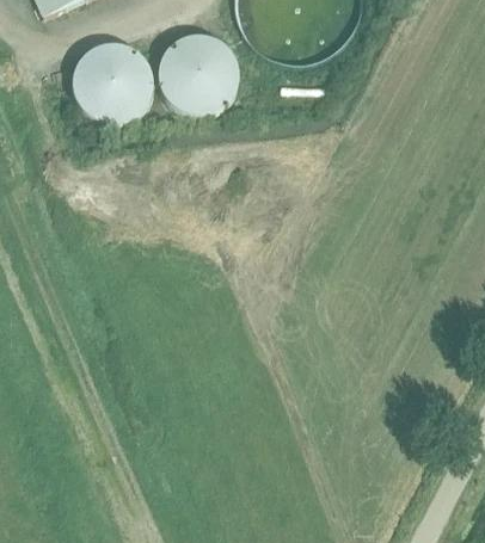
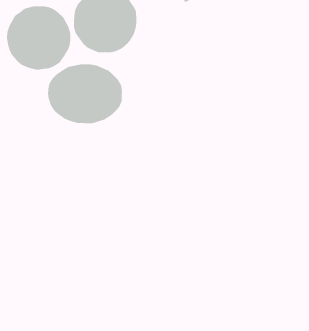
building: none -> [48,63,122,124]

